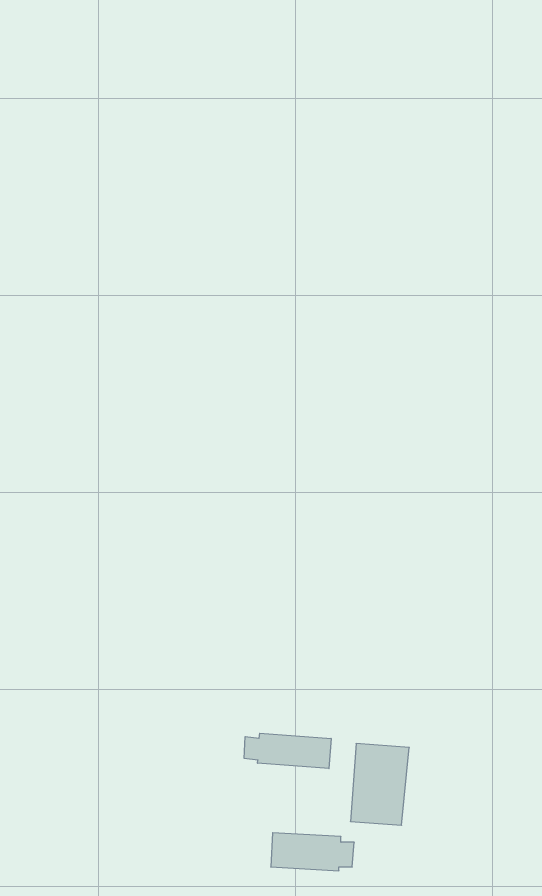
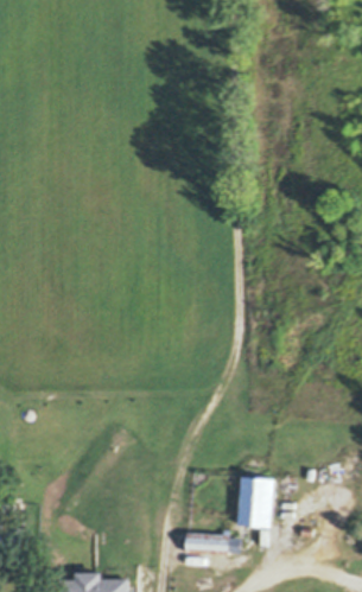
building: [244,733,331,769] -> none

